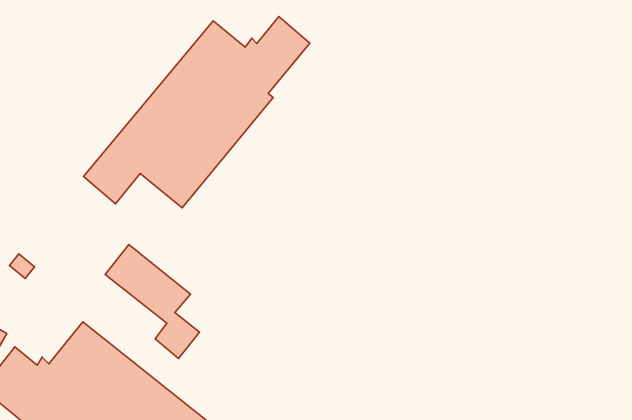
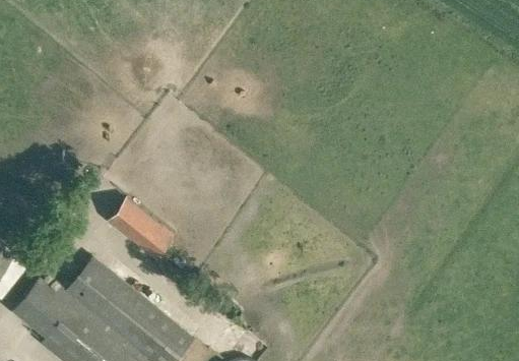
building: [83,16,310,208] -> none

